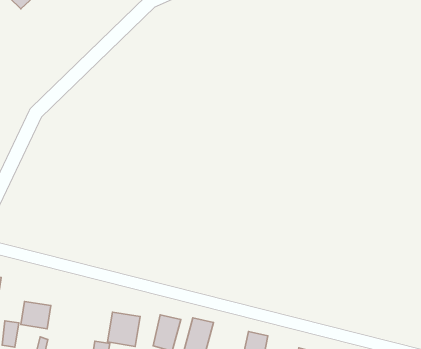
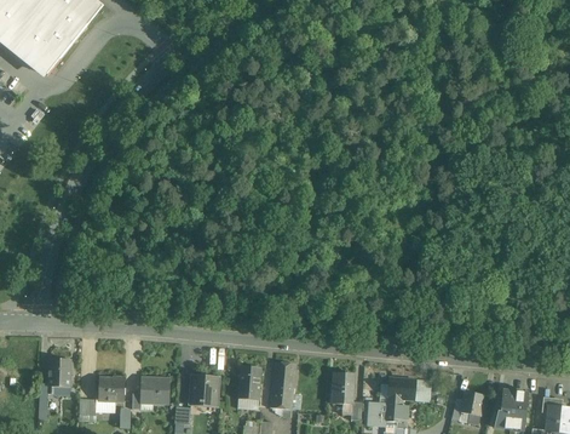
building: none -> [132,377,171,409]

